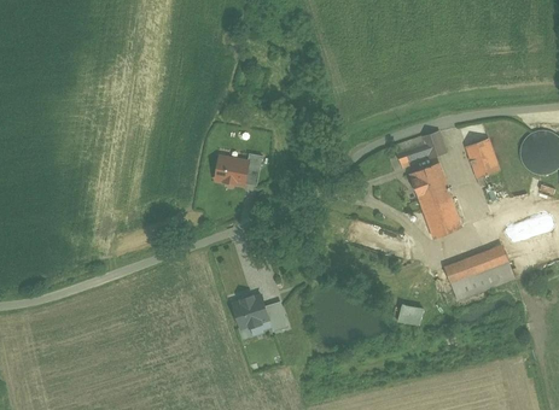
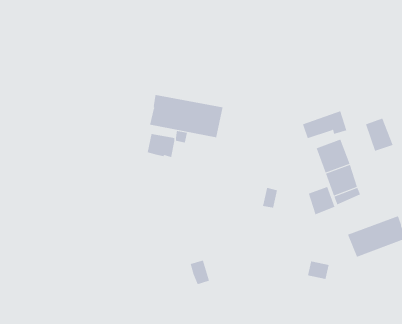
building: none -> [150,94,223,138]
building: none -> [308,186,335,215]
building: [233,295,268,327] -> none

